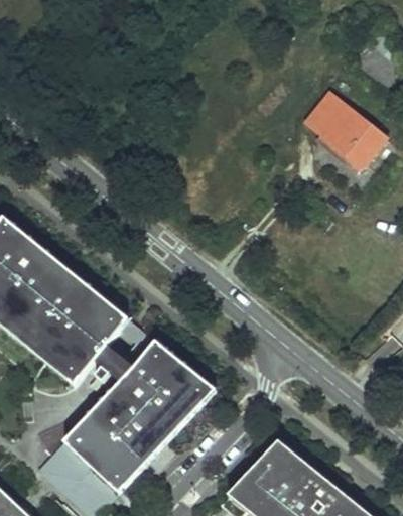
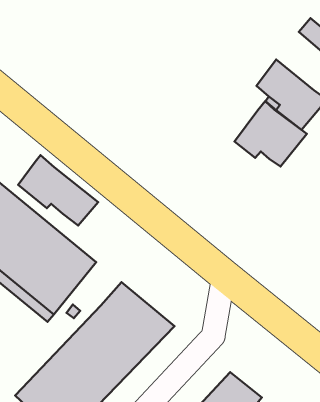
building: none -> [234,101,307,167]
building: none -> [18,155,98,226]

